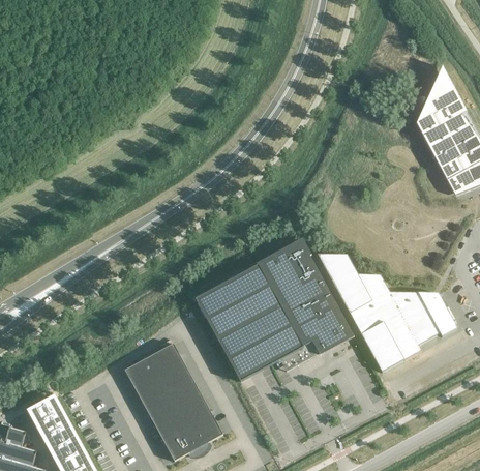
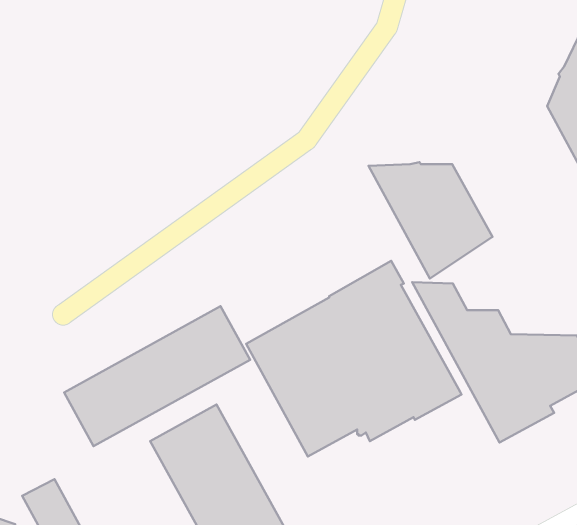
building: none -> [369,162,493,278]
building: none -> [64,306,250,446]

